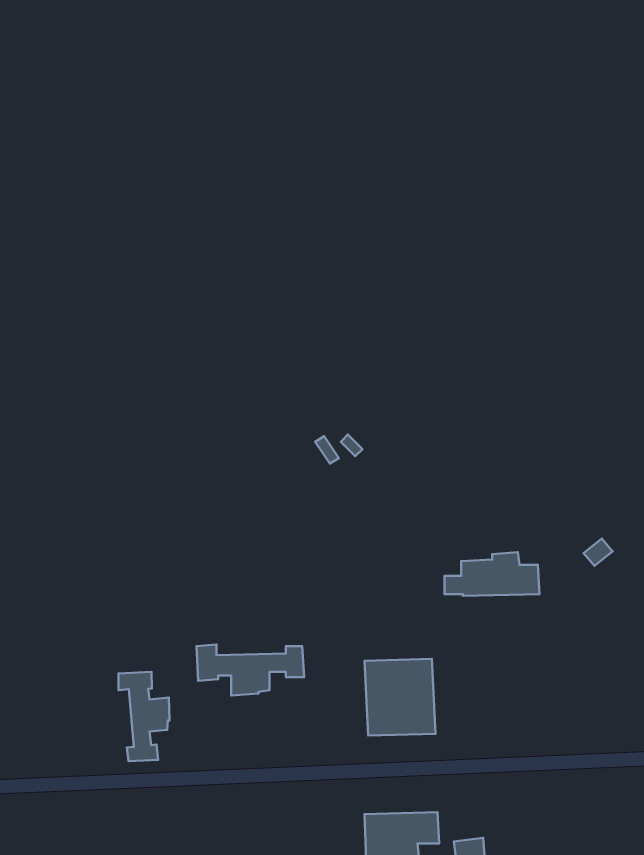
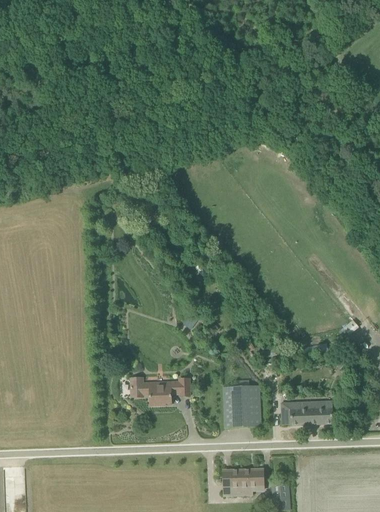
building: [445,552,540,596] -> [281,400,333,424]
building: [118,672,170,761] -> none

